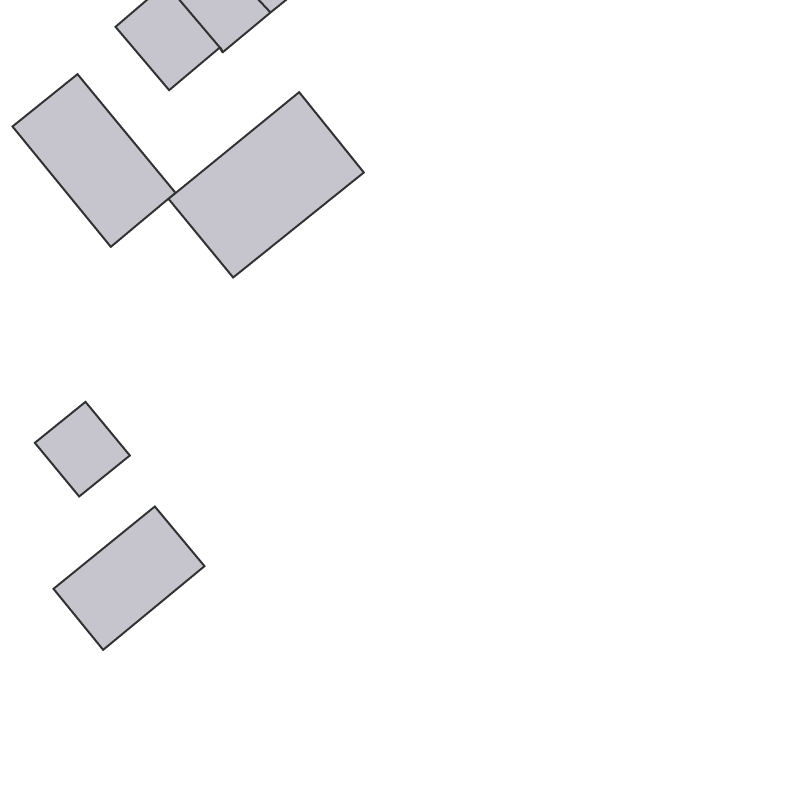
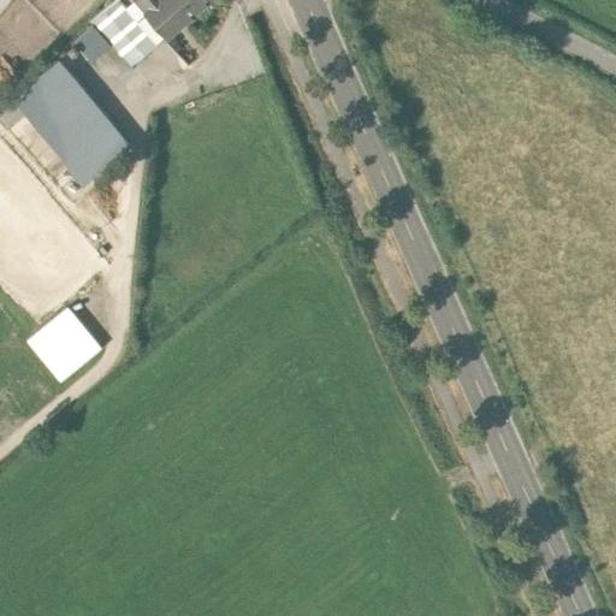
building: [168,92,364,277] -> none
building: [53,506,205,650] -> none

